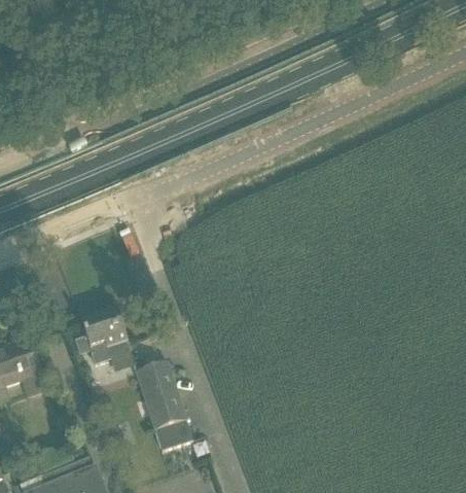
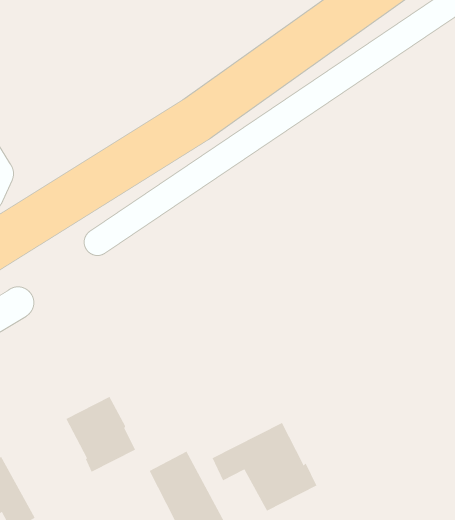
building: none -> [212,422,317,511]

